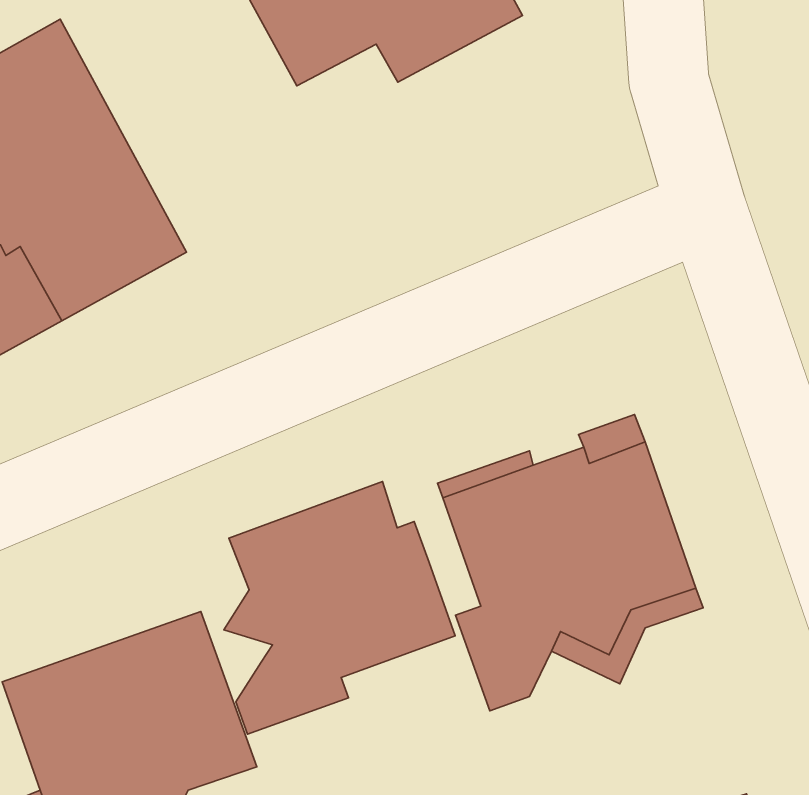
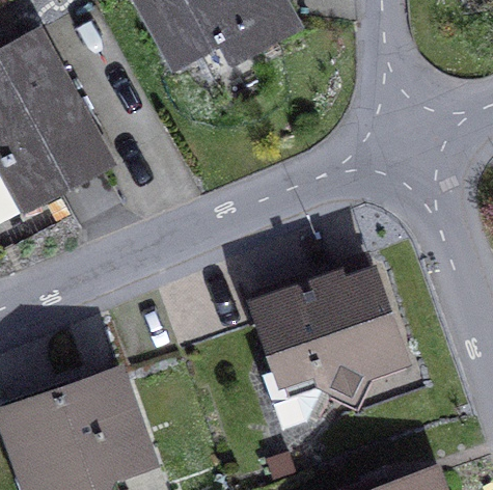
building: [224,482,455,734] -> none

